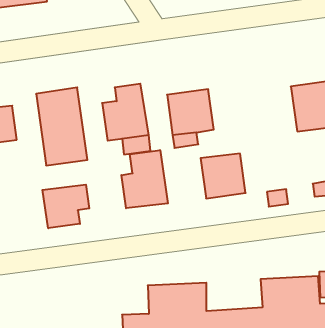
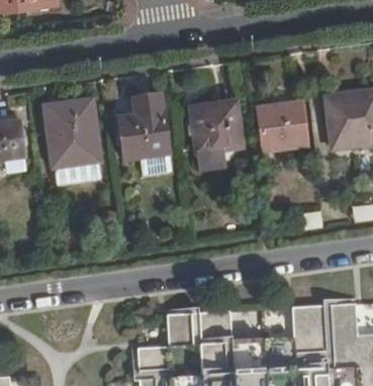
building: [121,150,168,208] -> none
building: [201,154,246,198] -> [257,101,306,151]
building: [42,185,89,228] -> none

